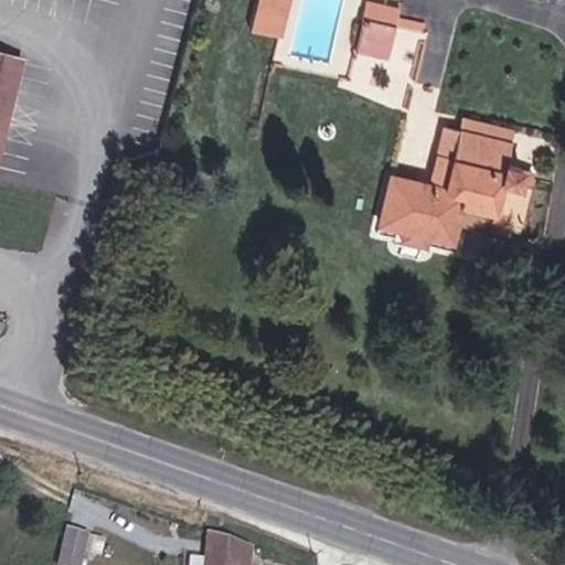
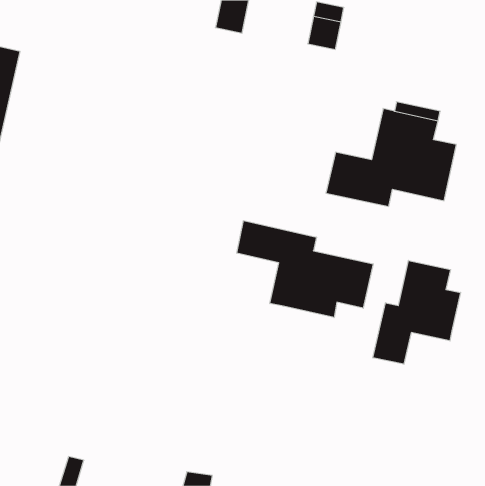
building: none -> [237,221,373,318]
building: none -> [373,260,461,364]

